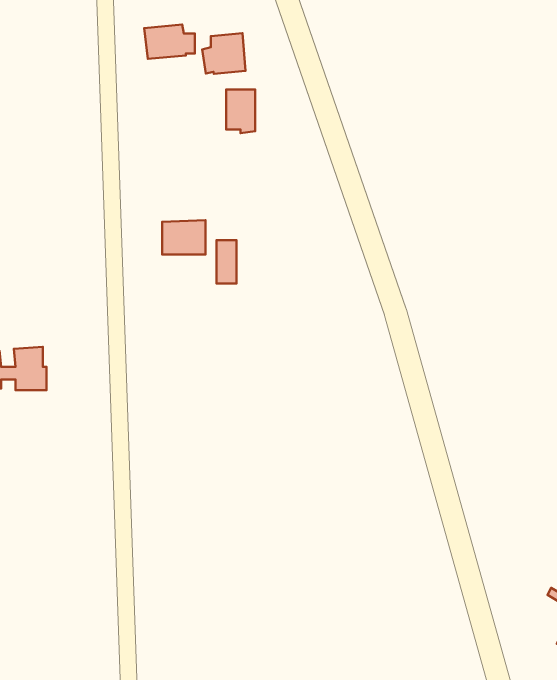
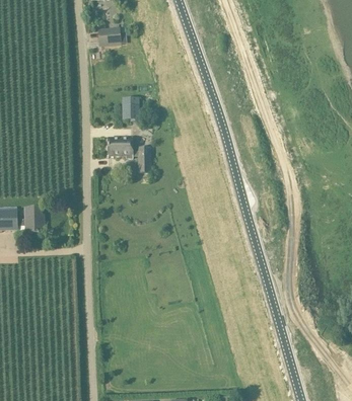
building: [202,33,246,74] -> none
building: [226,90,255,133] -> [122,97,138,122]

